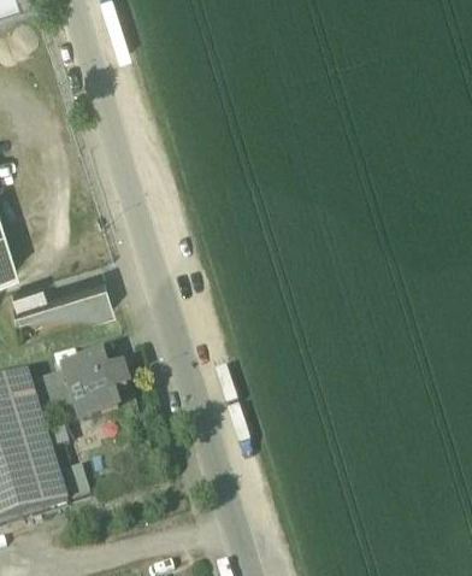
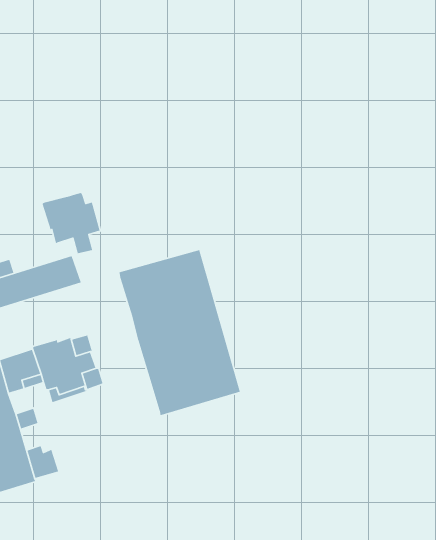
building: none -> [42,192,104,254]
building: none -> [118,249,241,416]

